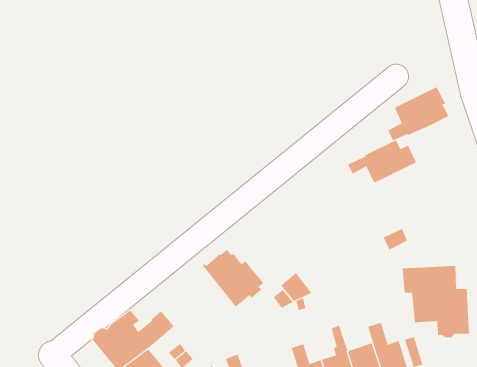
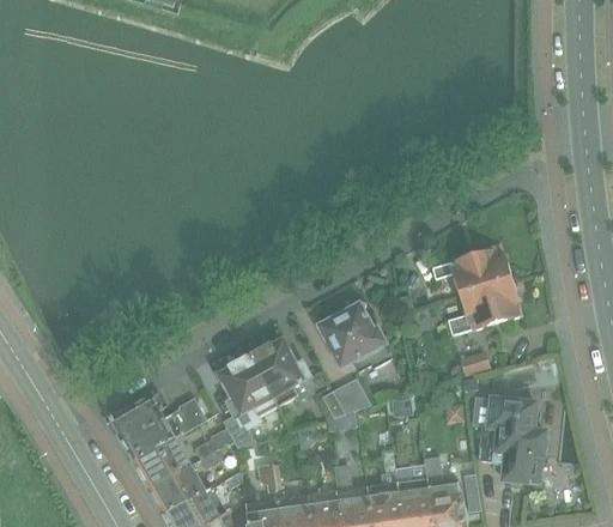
building: [387,86,449,141] -> [448,277,521,331]
building: none -> [320,297,386,364]
building: none -> [223,353,279,446]

